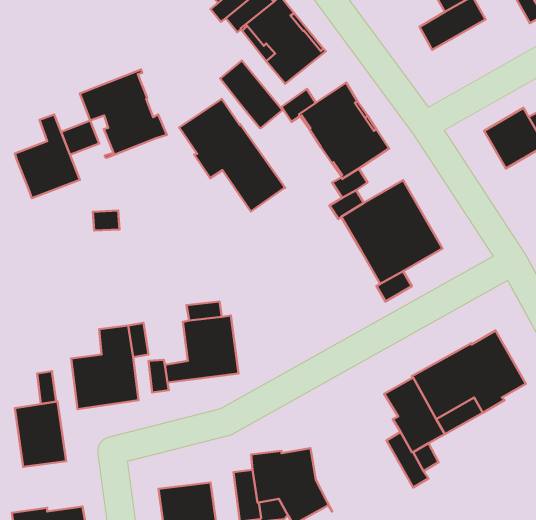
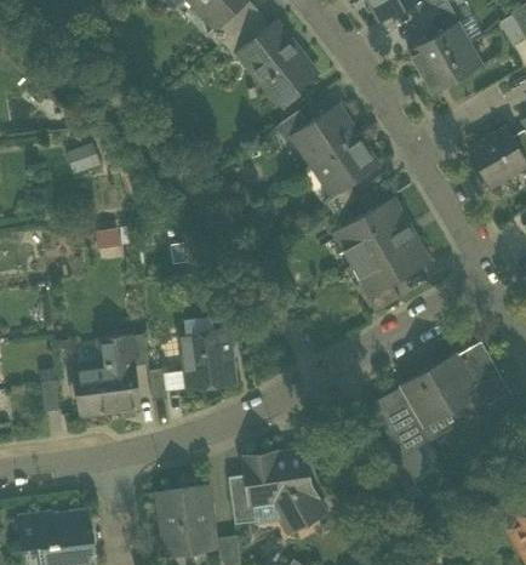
building: none -> [419,44,482,95]
building: [220,60,282,128] -> none
building: [80,69,167,158] -> none
building: [179,99,285,212] -> none
building: [15,114,80,198] -> none
building: [15,401,66,467] -> none

